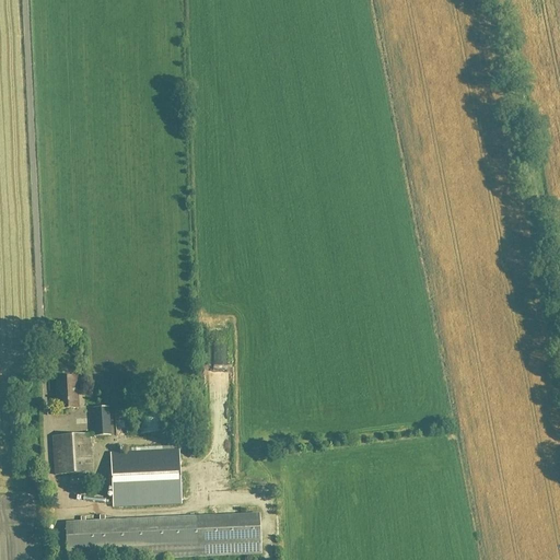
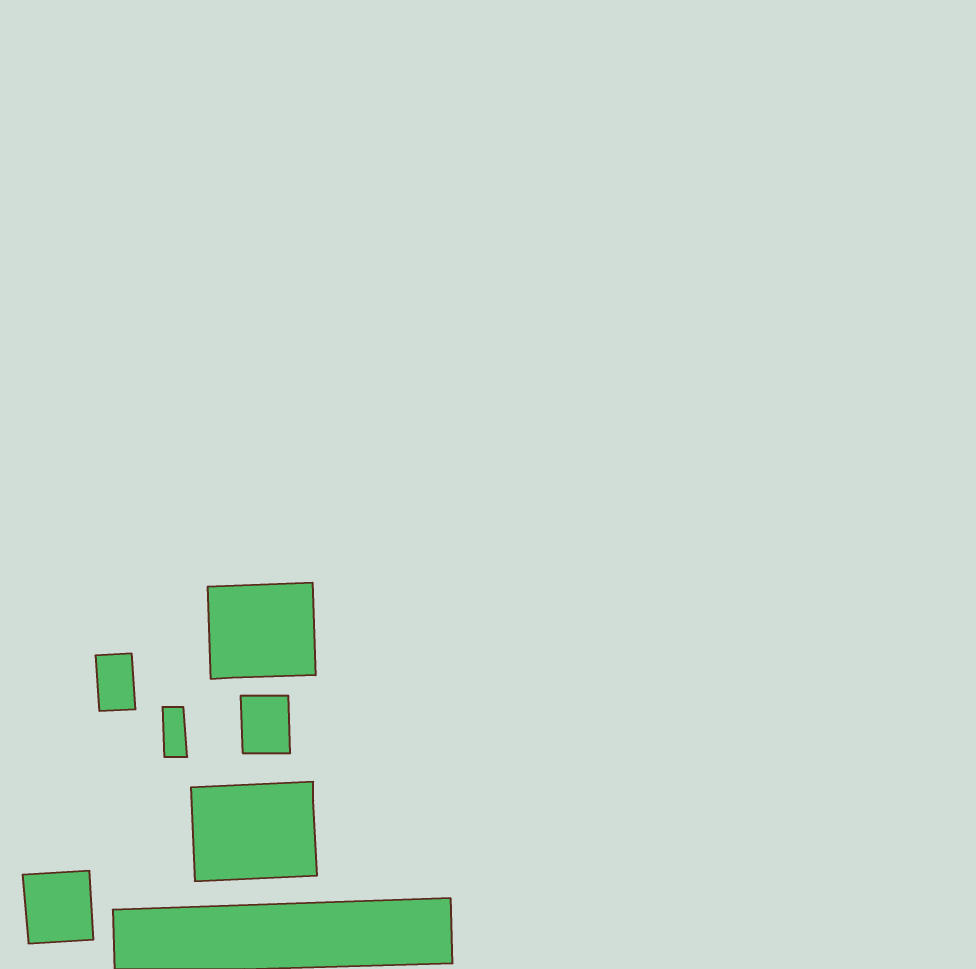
building: none -> [208,583,316,679]
building: [51,431,92,472] -> [23,871,93,943]

